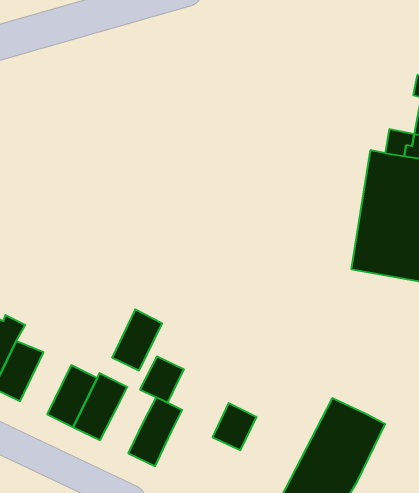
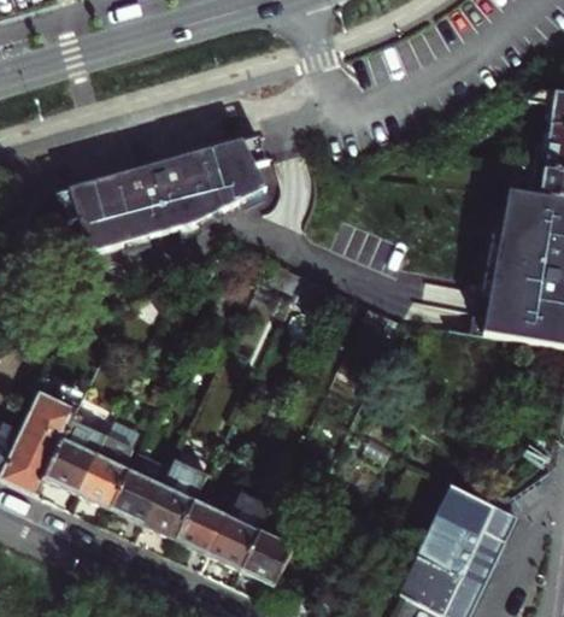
building: none -> [70,141,266,254]
building: [112,309,162,370] -> [76,434,136,507]
building: [140,356,184,402] -> [172,499,225,554]
building: [213,403,257,450] -> [239,529,292,586]

